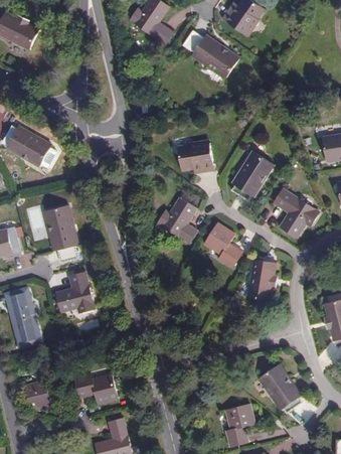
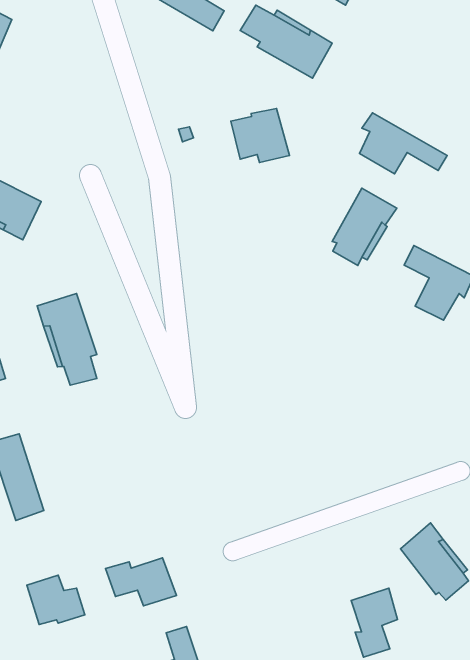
building: none -> [360,113,447,174]
building: [177,139,212,172] -> [231,108,289,163]
building: [157,196,197,243] -> none
building: [203,222,240,266] -> none
building: [247,260,274,299] -> none
building: [55,272,94,312] -> none

